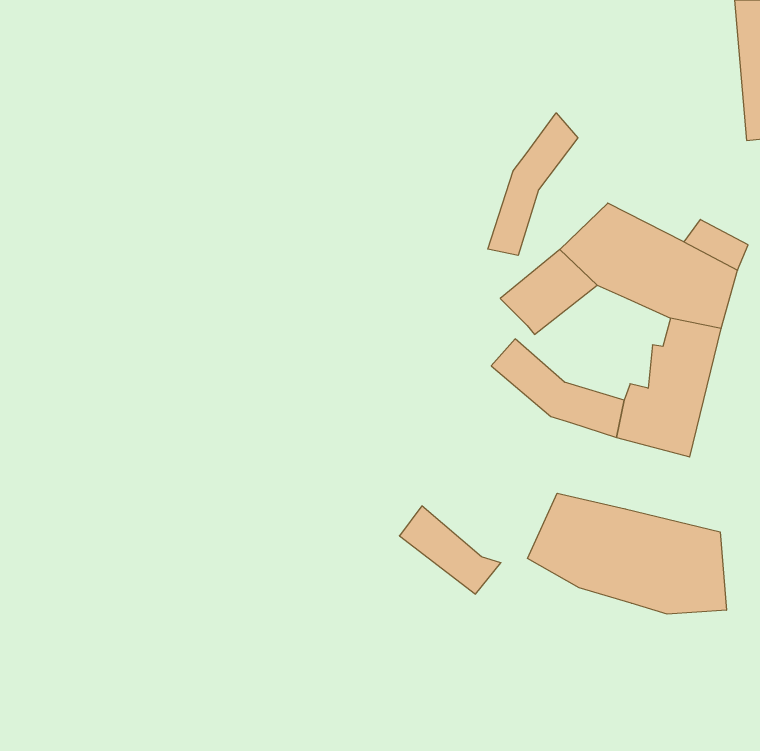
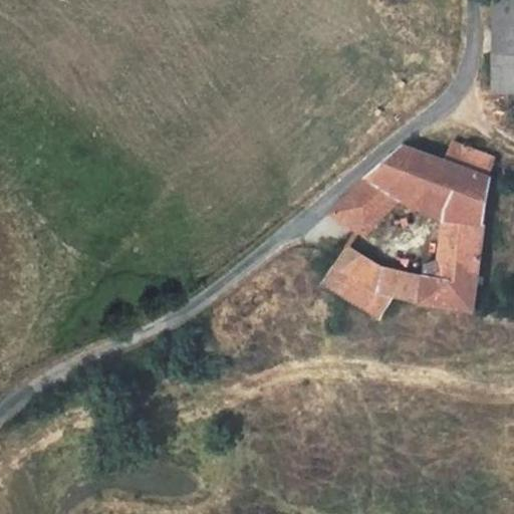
building: [488,113,578,255] -> none
building: [527,493,726,614] -> none
building: [399,506,501,594] -> [317,254,386,313]

